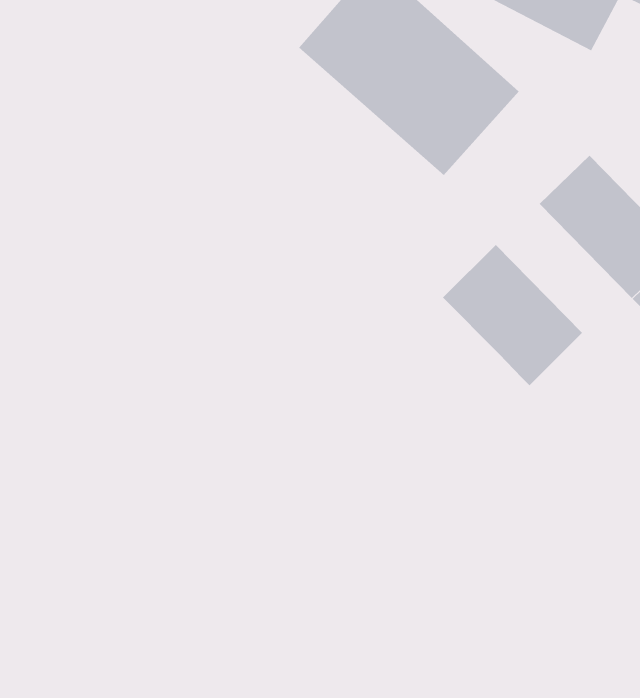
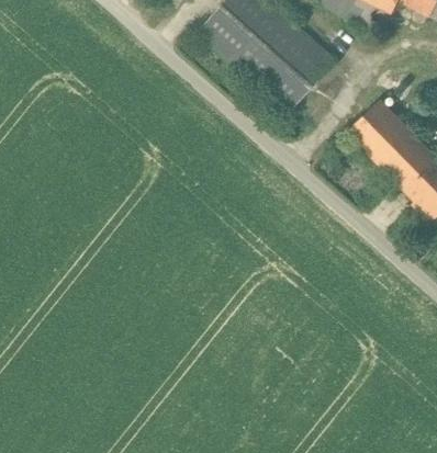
building: [442,244,583,386] -> none

